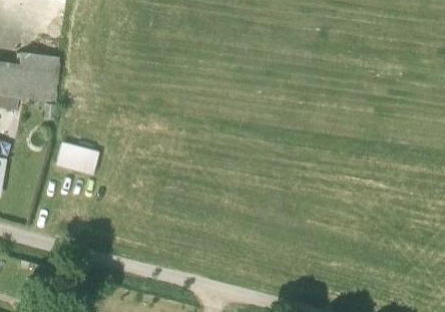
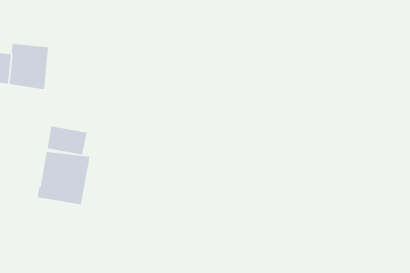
building: none -> [37,151,90,205]

